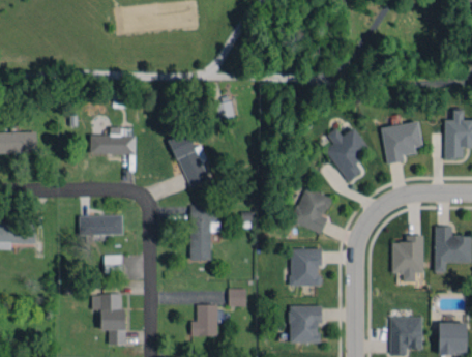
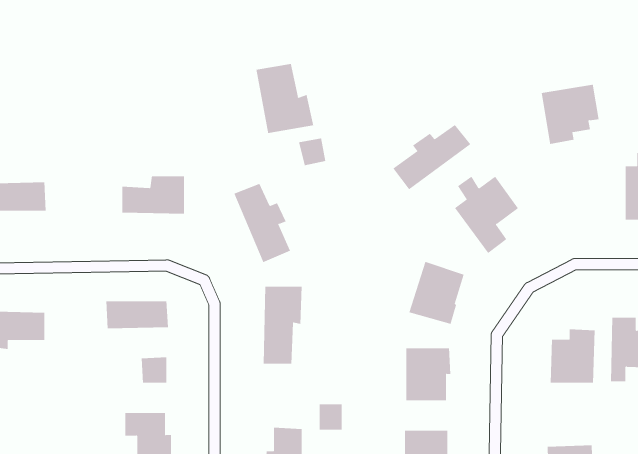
building: none -> [256,63,314,134]
building: none -> [393,124,471,190]
building: [380,121,421,163] -> [541,84,600,144]

